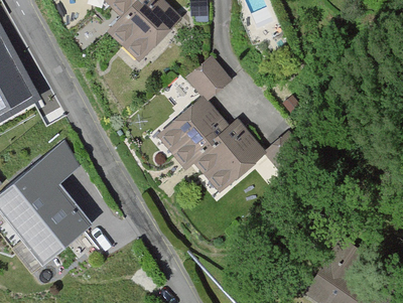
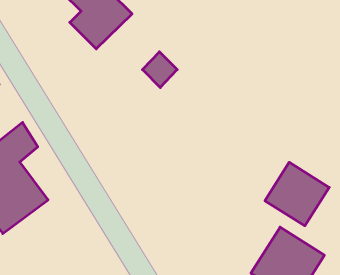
building: [160,102,266,195] -> none
building: none -> [265,162,329,226]

